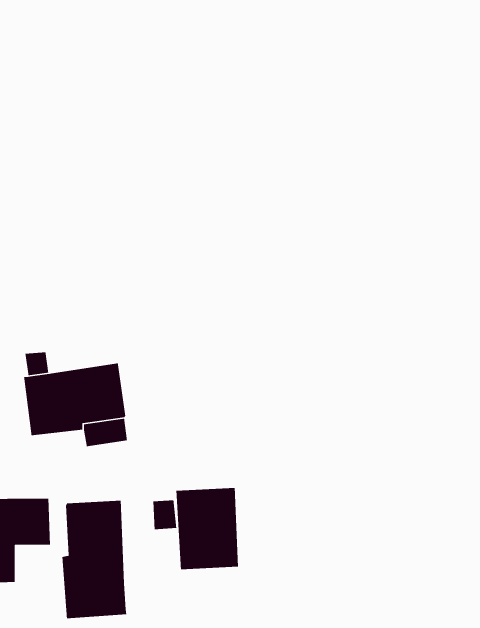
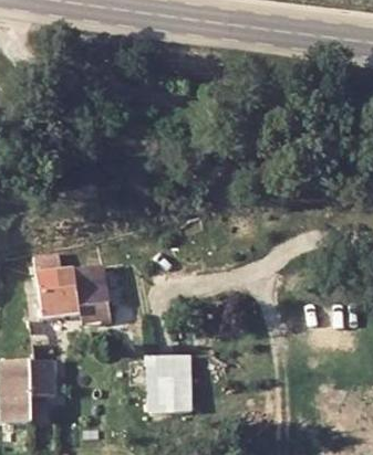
building: [62,500,127,619] -> none

